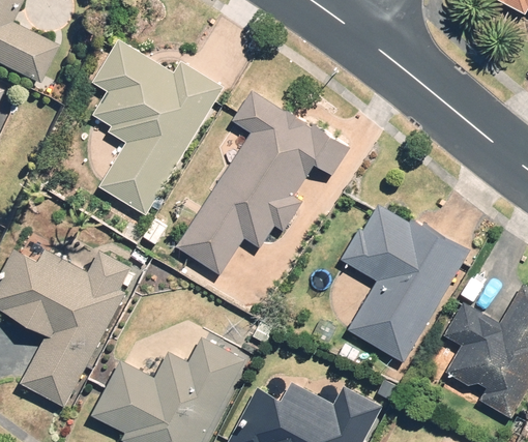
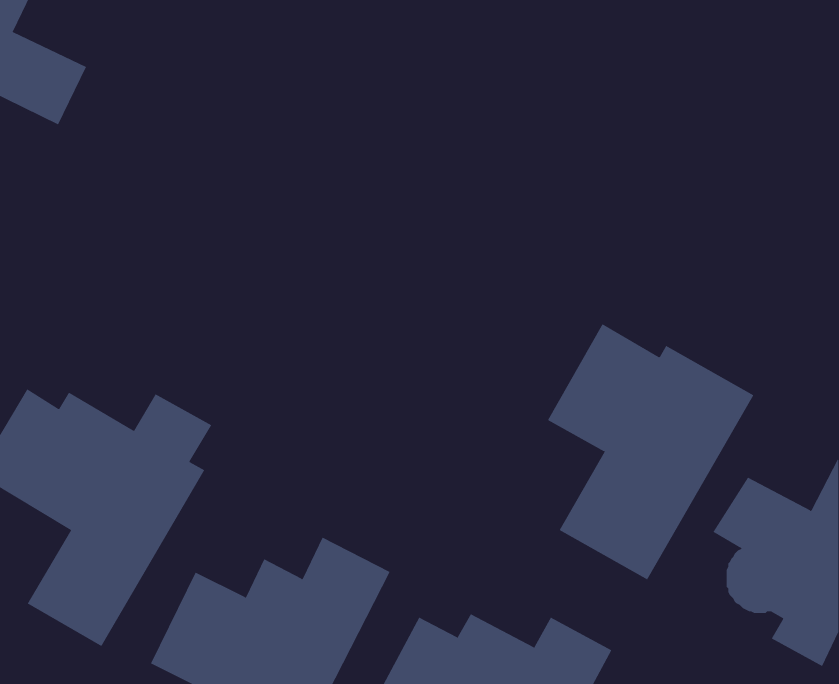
building: [92,40,219,214] -> none
building: [182,88,352,271] -> none

